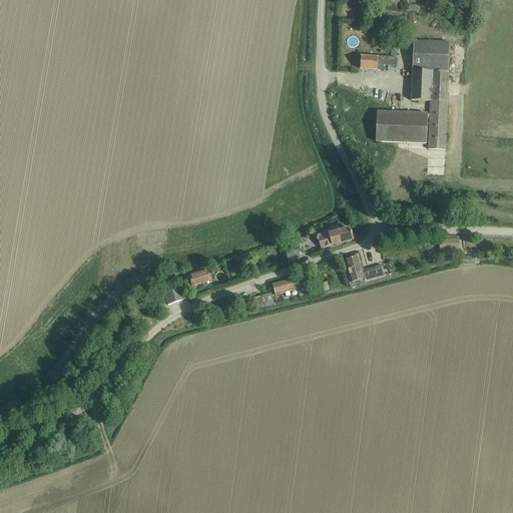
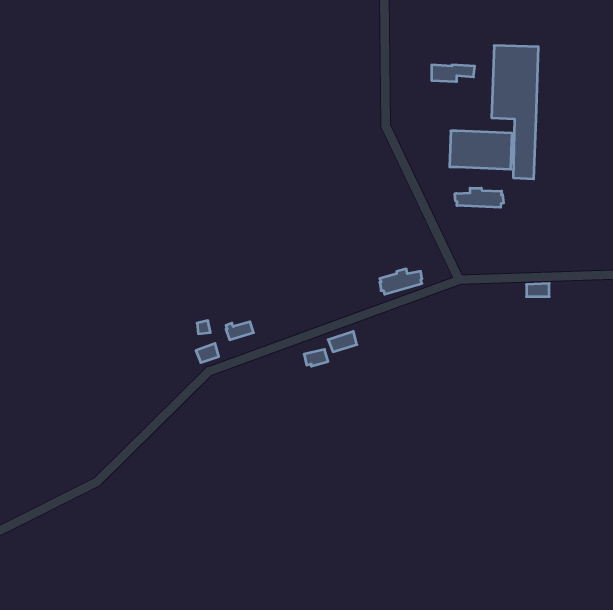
building: none -> [455,188,504,207]
building: [345,254,384,281] -> none

